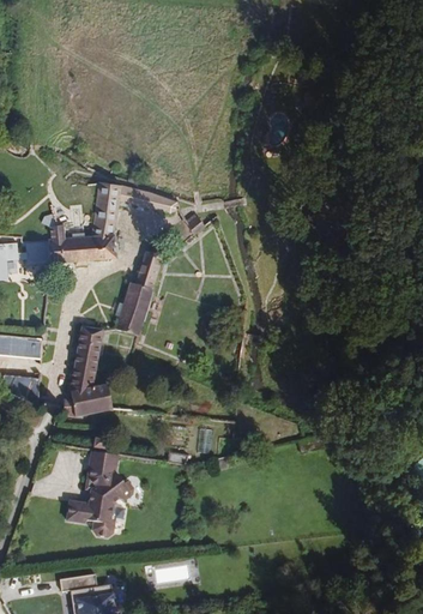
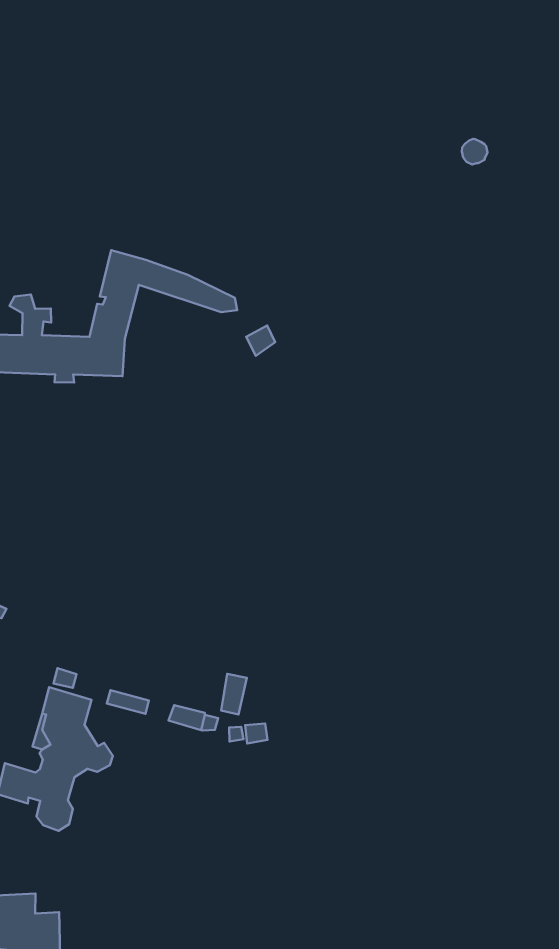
building: [116,252,163,337] -> none
building: [64,324,114,417] -> none

